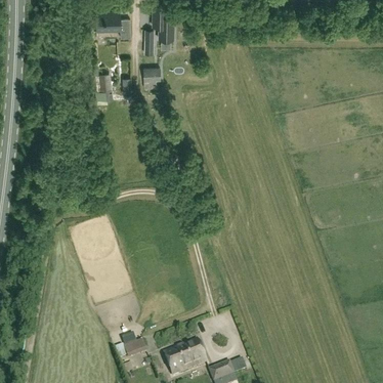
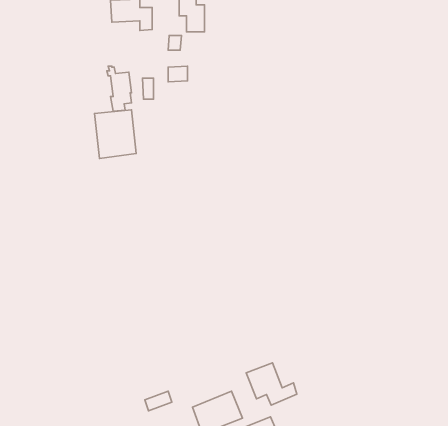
building: none -> [94,110,136,159]
building: none -> [246,363,297,405]

